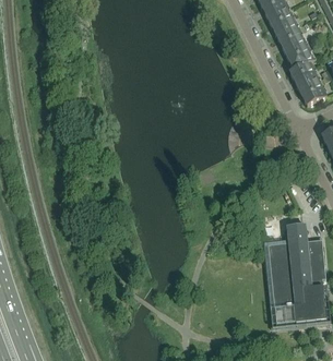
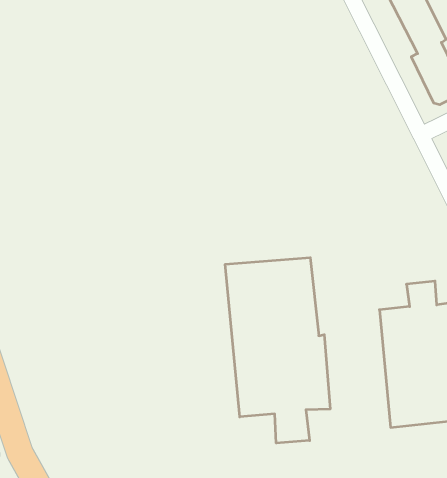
building: none -> [225,258,330,443]

